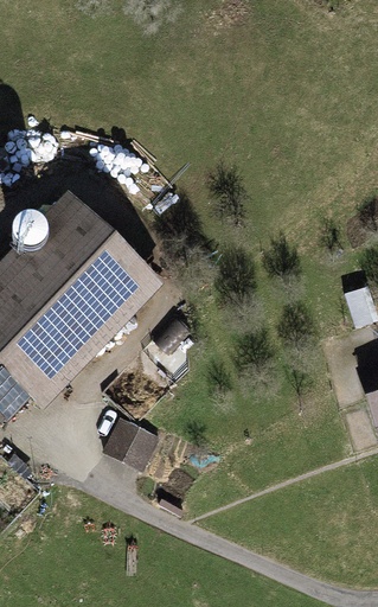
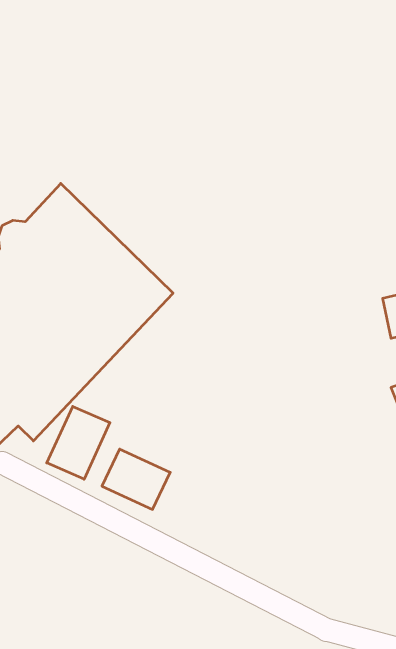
building: none -> [47,406,110,479]

